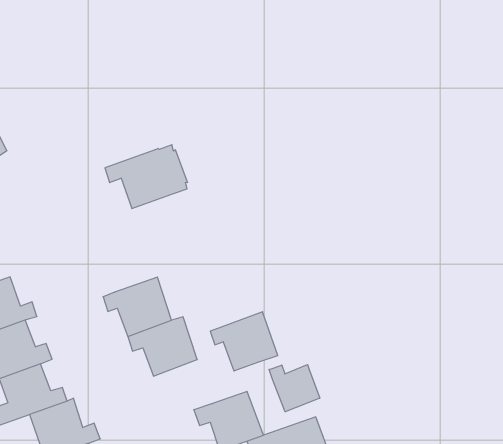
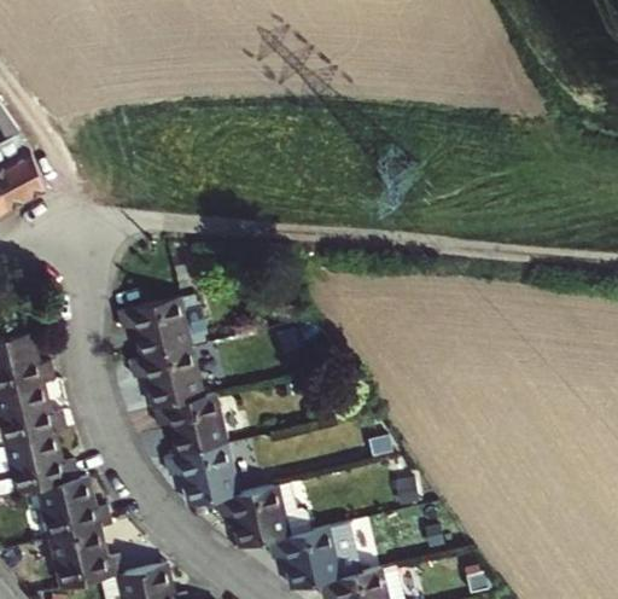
building: [105,145,188,208] -> [119,292,210,359]
building: [210,312,278,371] -> [169,443,241,506]
building: [269,365,320,412] -> none

